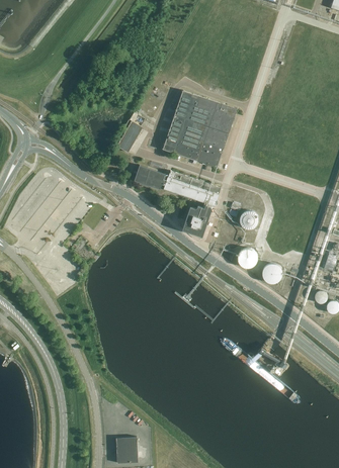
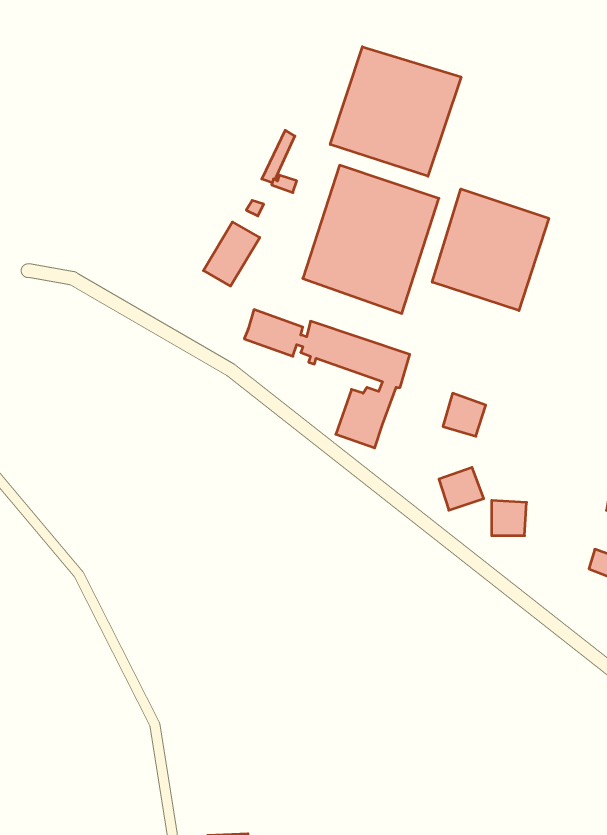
building: none -> [330,47,461,176]
building: none -> [432,189,549,311]

